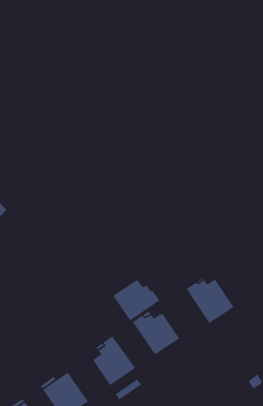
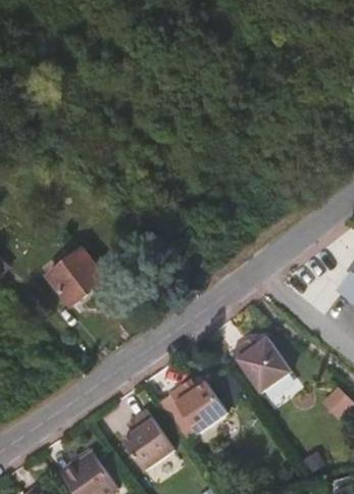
building: none -> [56,250,112,305]
building: [112,279,161,321] -> none

